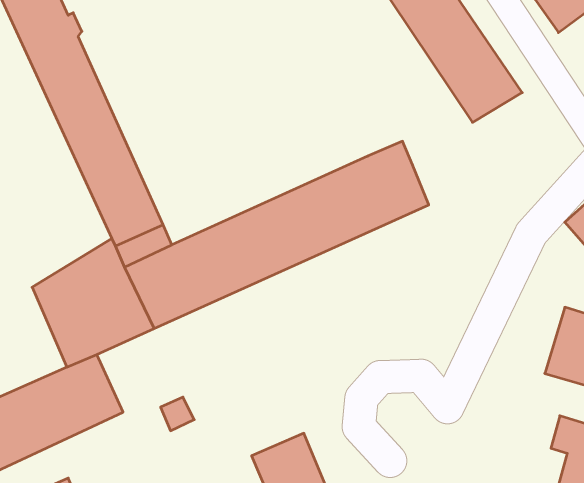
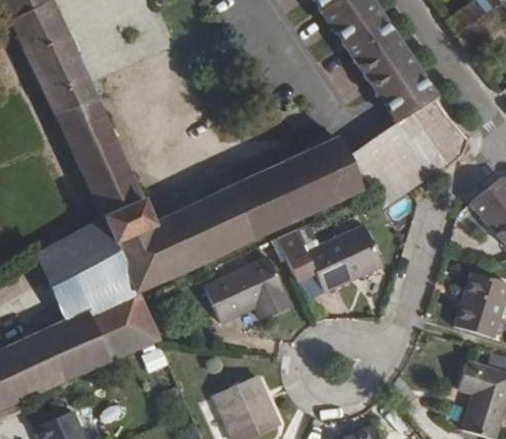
building: none -> [348,97,470,208]
building: none -> [278,226,382,289]
building: none -> [207,257,291,321]
building: none -> [91,289,160,358]

